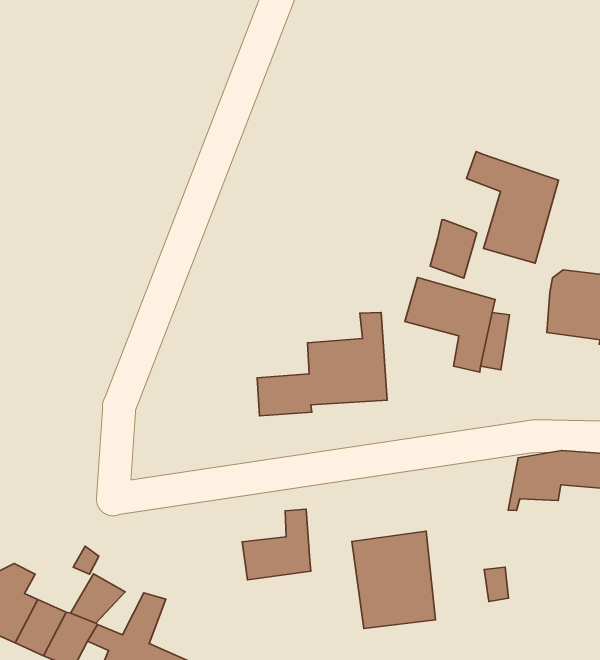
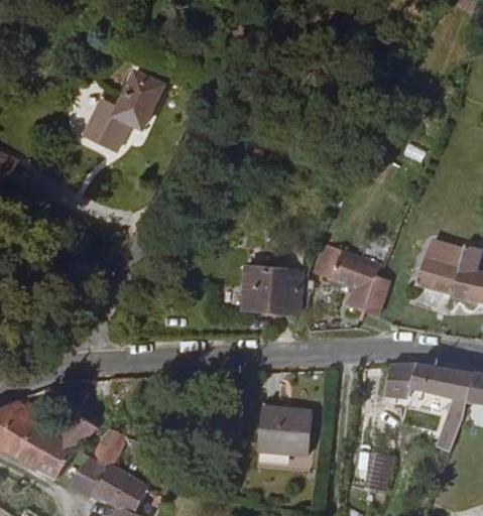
building: none -> [92,66,171,146]
building: [467,151,559,263] -> none
building: [430,220,477,278] -> none
building: [242,509,311,580] -> none

